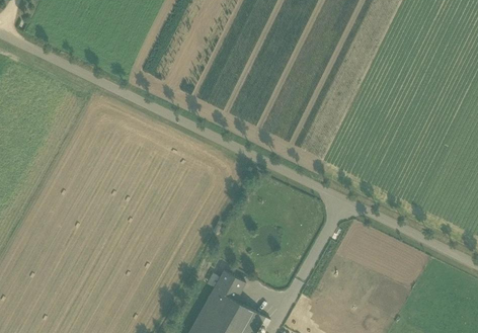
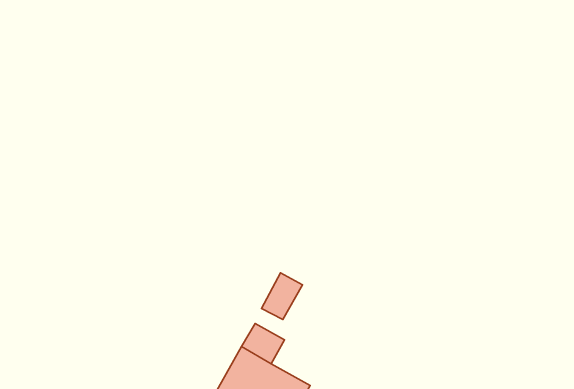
building: none -> [261,273,302,320]

